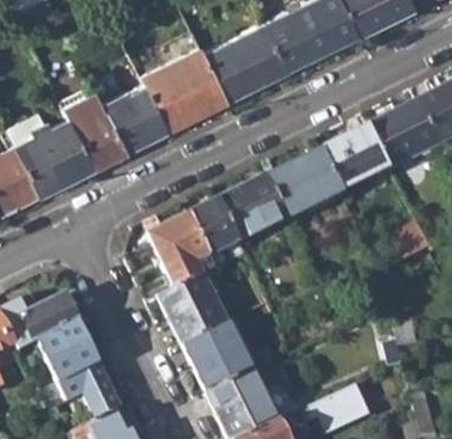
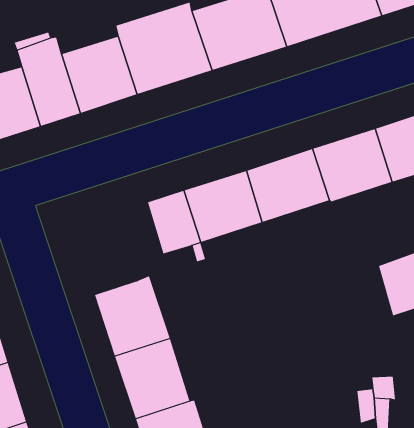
building: [149,215,216,289] -> none

